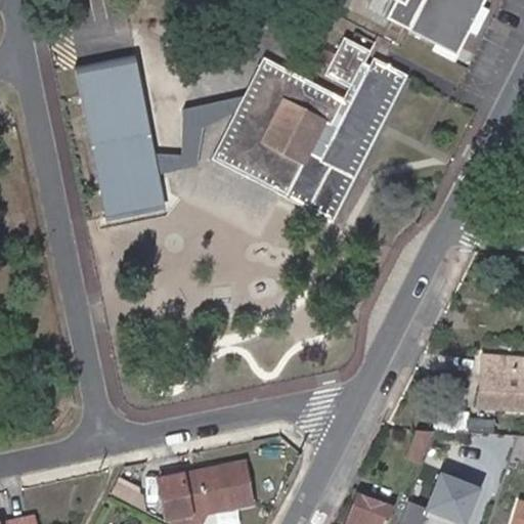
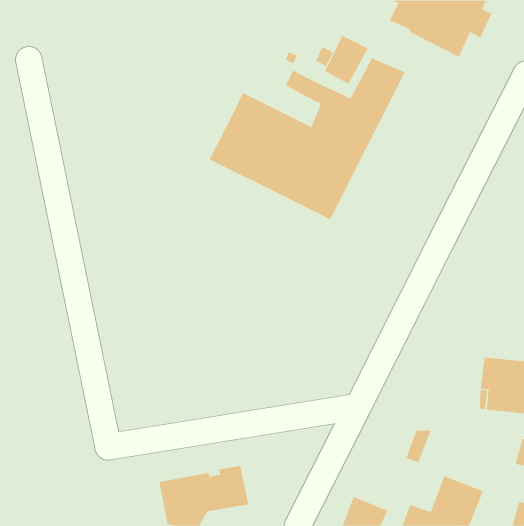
building: [77,53,241,219] -> none
building: [244,54,320,126] -> none

